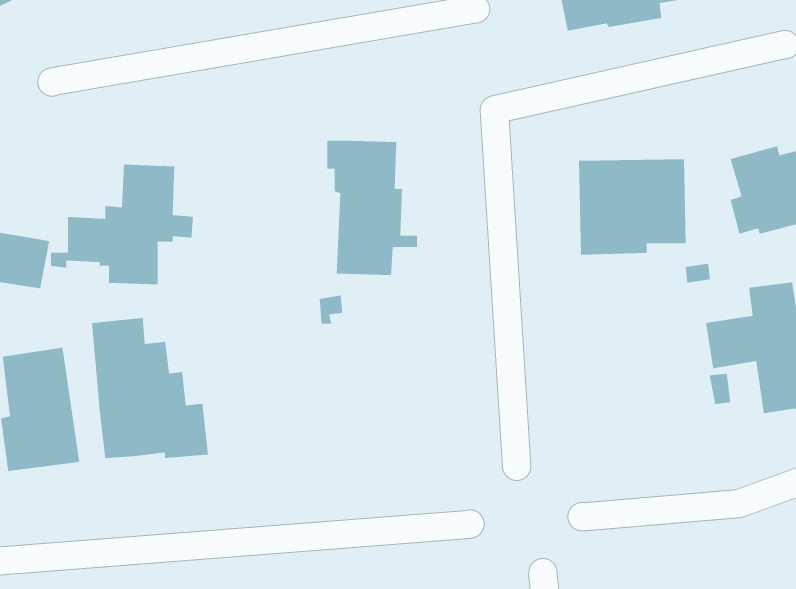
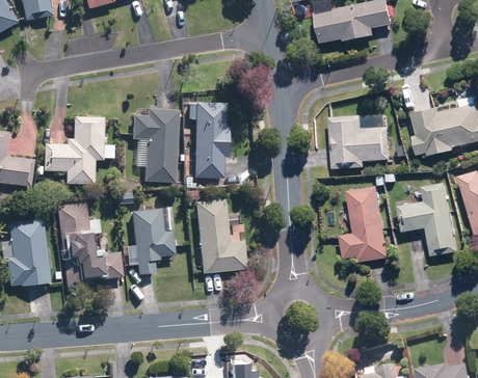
building: none -> [132,111,178,182]
building: none -> [339,183,391,262]
building: none -> [193,199,243,274]
building: none -> [131,209,174,275]

